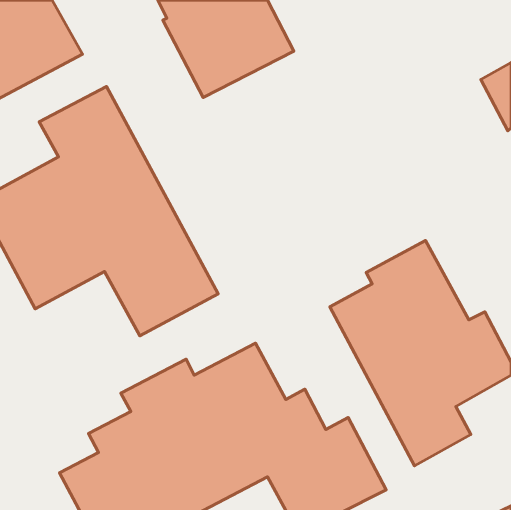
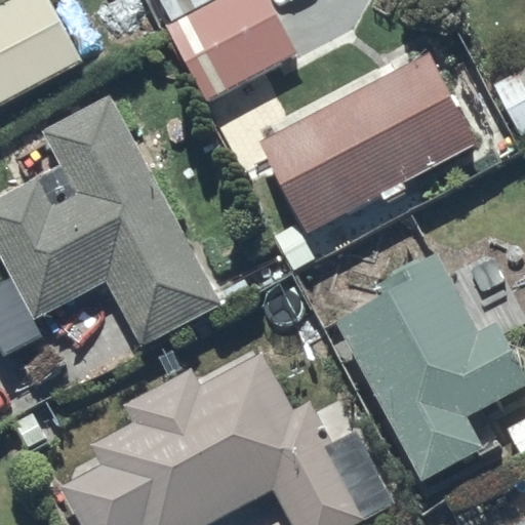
building: none -> [259,54,473,233]

